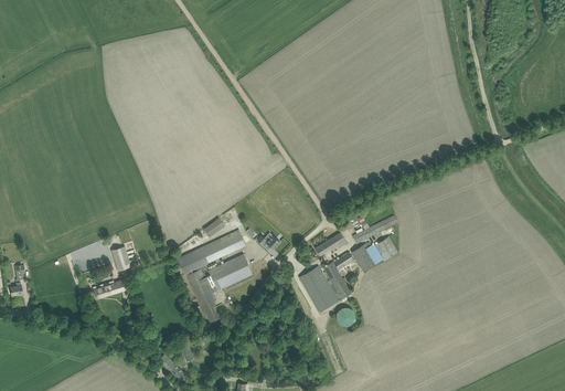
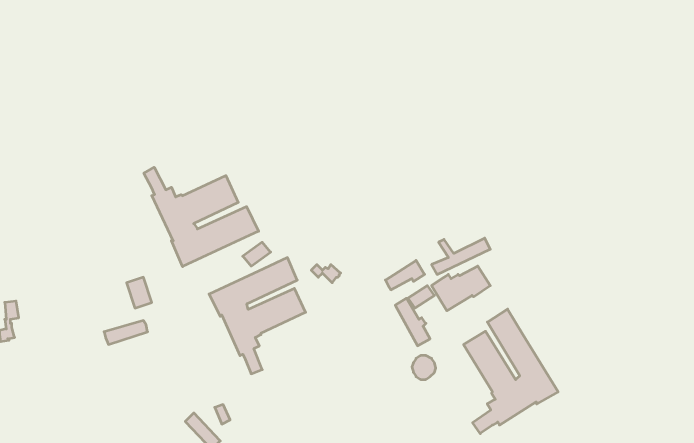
building: none -> [144,167,259,267]
building: [298,265,338,311] -> none
building: none -> [464,309,558,434]

